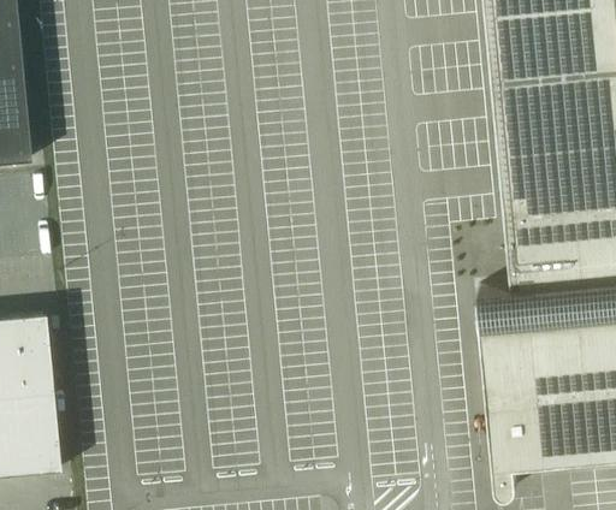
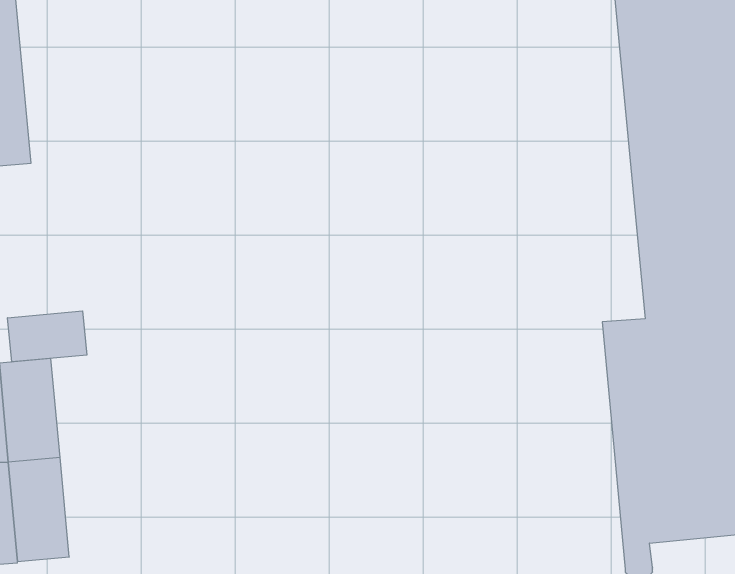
building: none -> [8,311,87,362]

